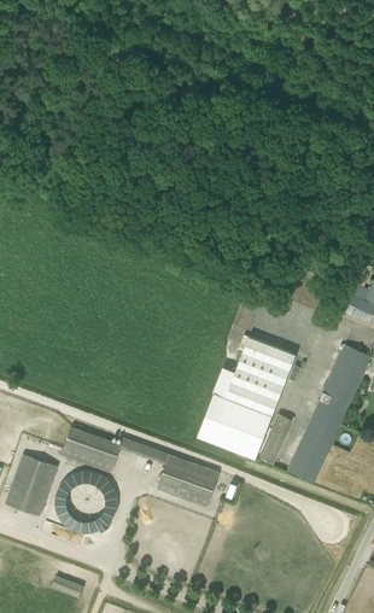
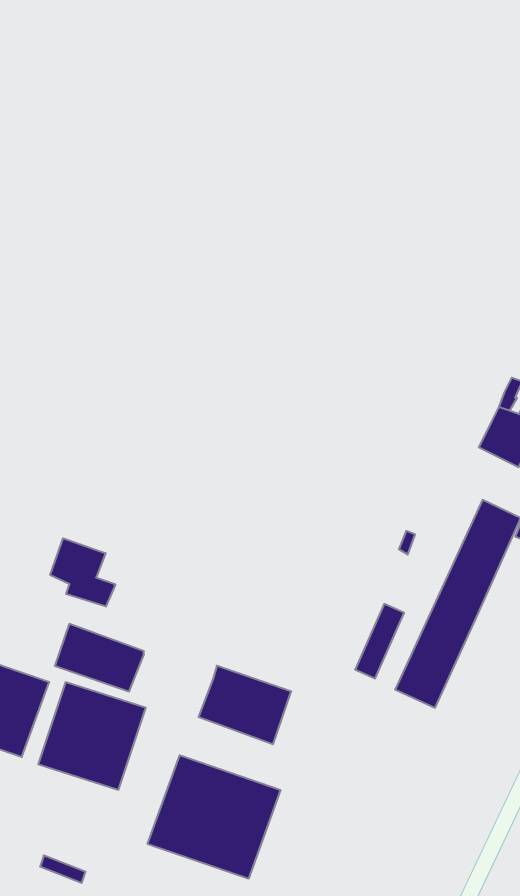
building: [197,338,296,460] -> none
building: none -> [50,538,115,607]
building: none -> [148,755,280,879]

